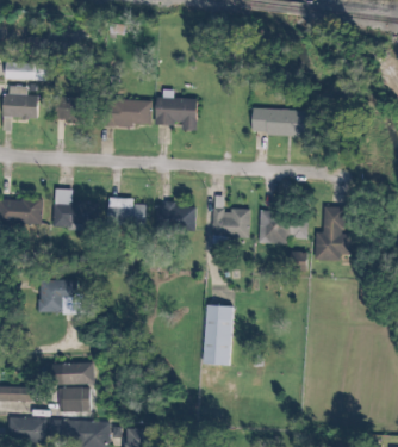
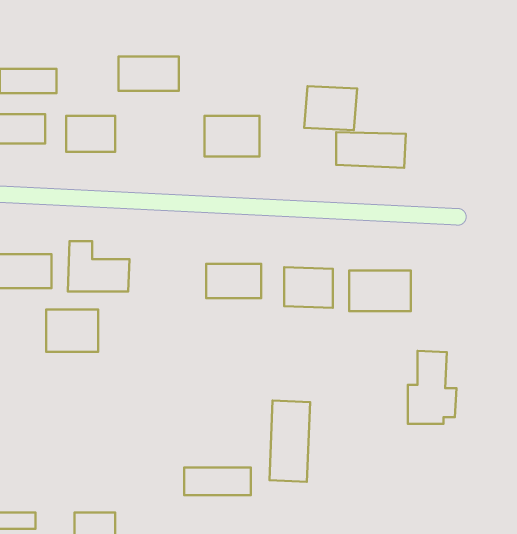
building: none -> [304,86,357,130]
building: [107,99,151,124] -> [119,57,179,91]
building: [108,199,145,225] -> none
building: [316,206,352,260] -> [408,351,457,424]
building: [41,280,79,311] -> [46,310,98,352]
building: [44,364,93,384] -> [184,467,251,495]

